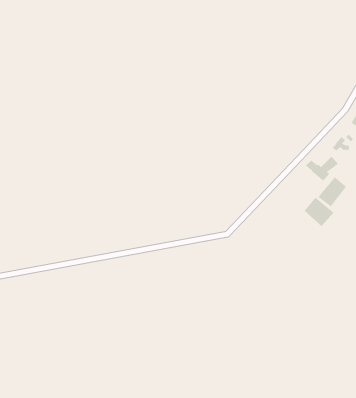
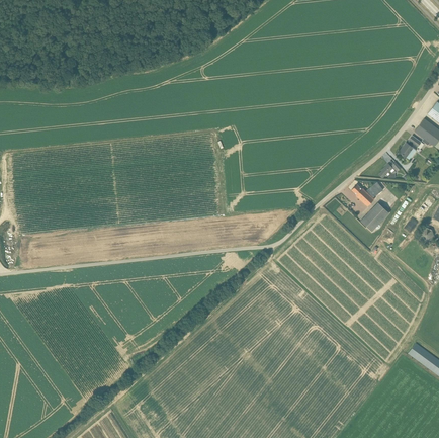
building: [304,197,334,227] -> none

